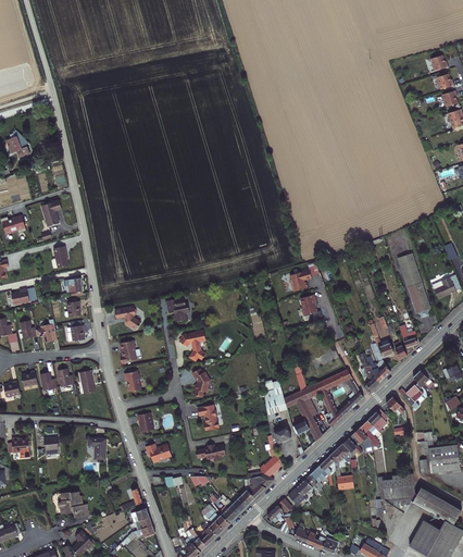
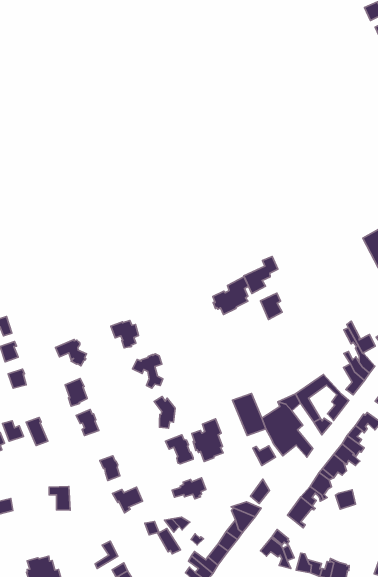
building: none -> [213,277,249,315]
building: none -> [192,419,223,462]

